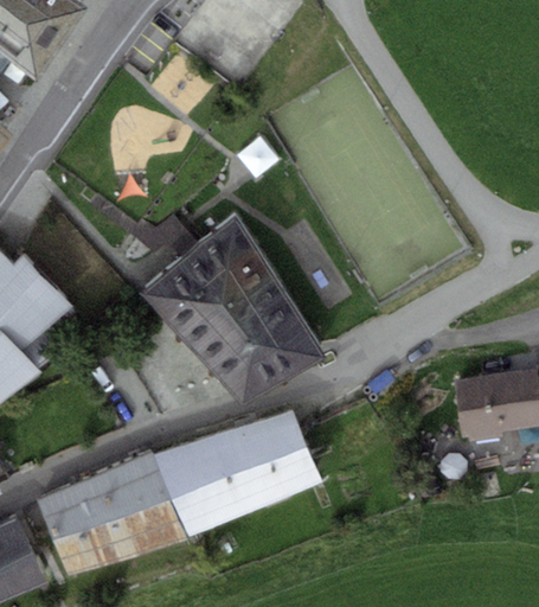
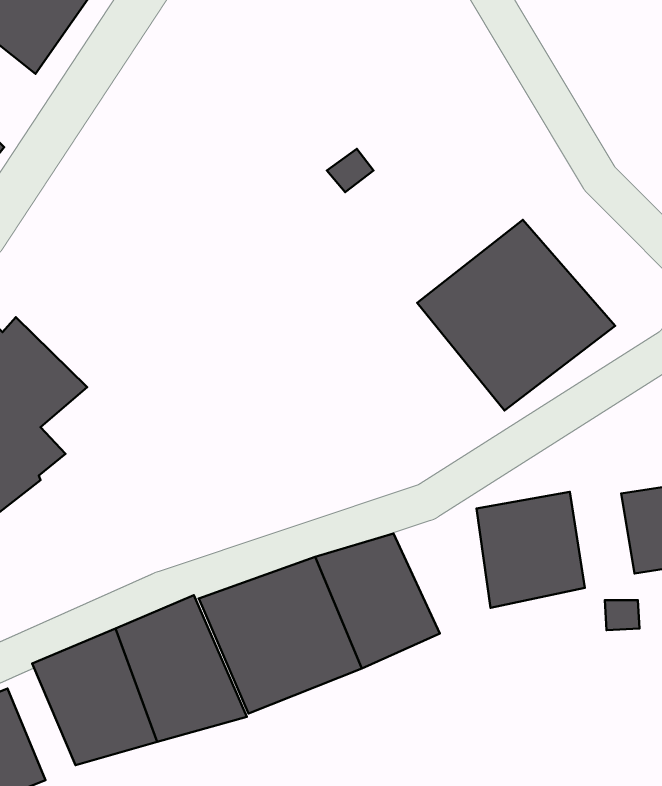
building: none -> [417,220,615,410]
building: [140,217,321,405] -> none
building: none -> [476,492,585,608]

